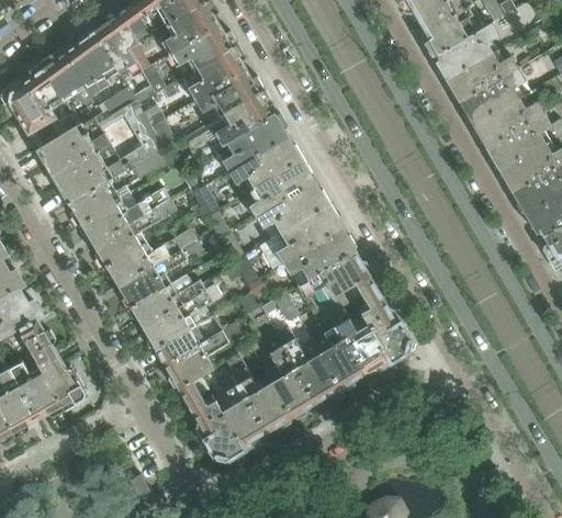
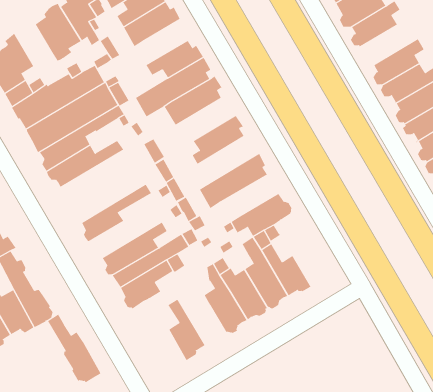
building: [181,44,245,99] -> none
building: [40,50,91,105] -> none
building: [445,50,517,100] -> none
building: [229,137,302,193] -> none
building: [256,182,329,239] -> none
building: [93,199,195,285] -> none
building: [282,228,356,279] -> none
building: [126,274,202,326] -> none
building: [355,274,412,361] -> none
building: [224,352,290,430] -> none
building: [179,379,243,461] -> [47,314,101,383]

